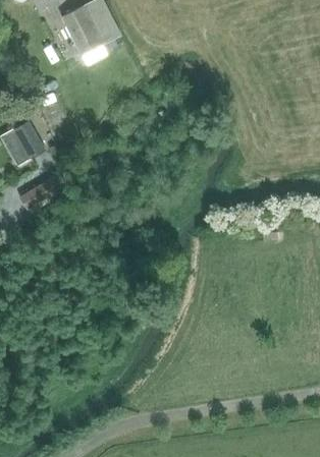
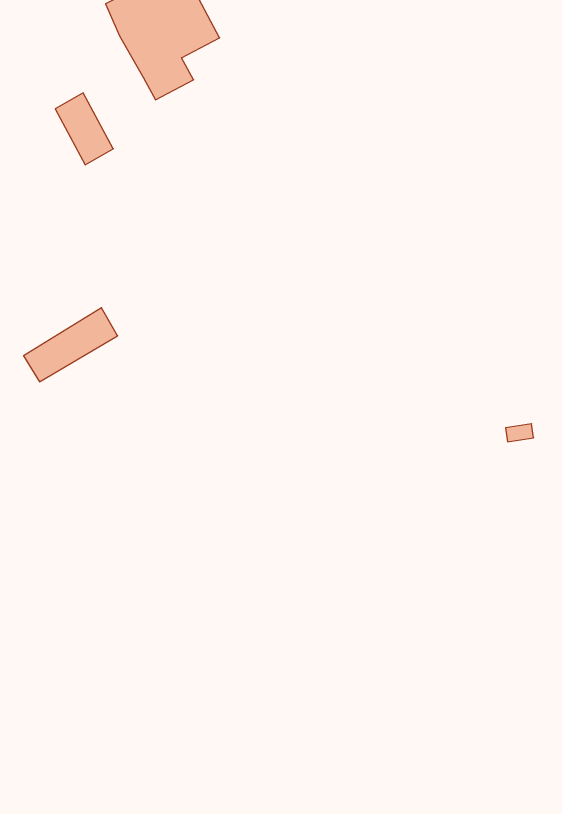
building: [13,124,43,161] -> [55,93,113,165]

